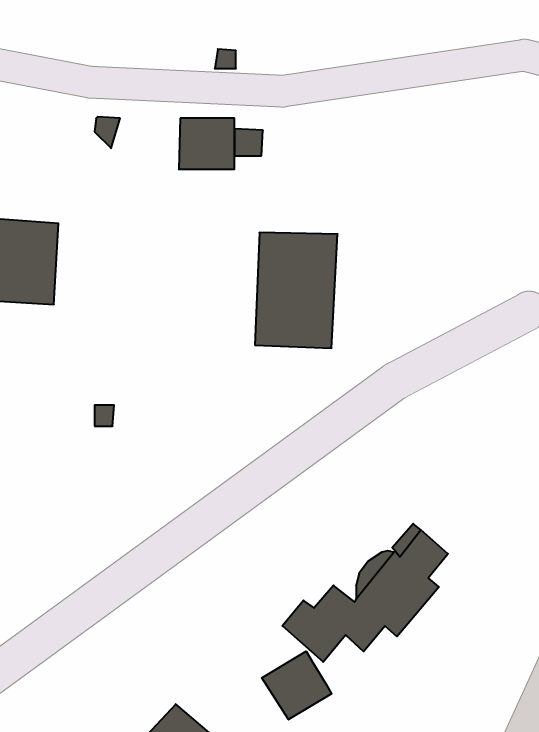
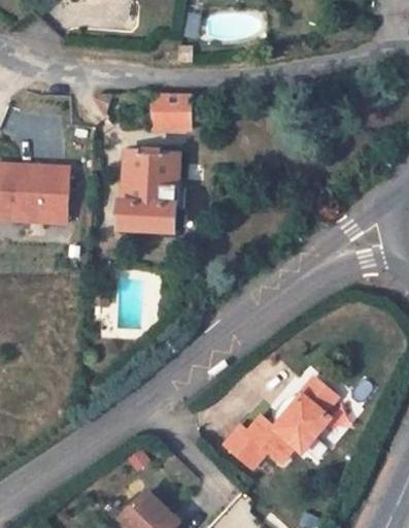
building: [255,233,338,348] -> [123,155,179,234]
building: [262,651,332,720] -> none

